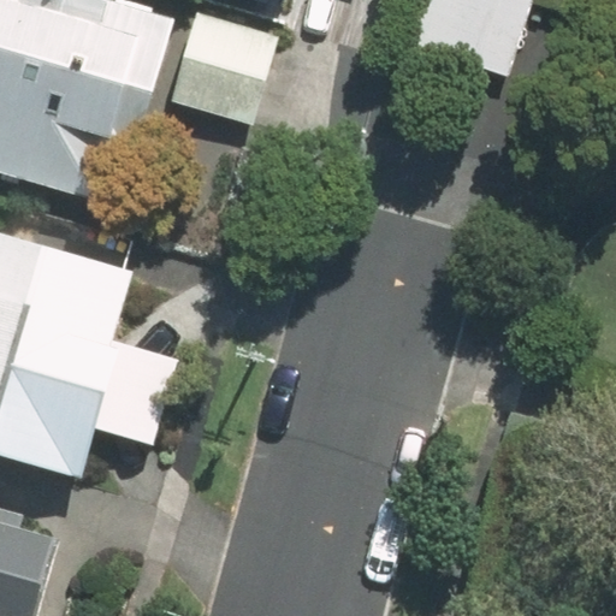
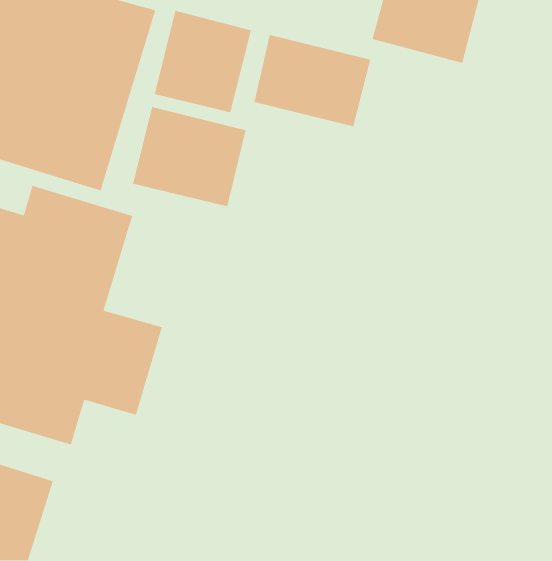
building: none -> [253,34,371,127]
building: none -> [132,106,247,207]

